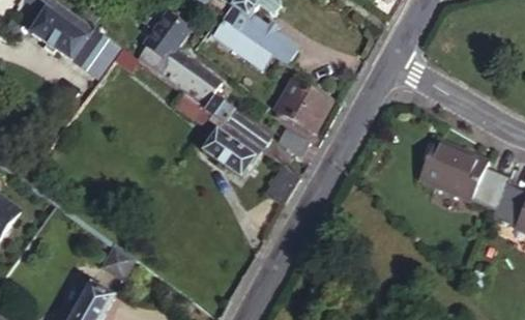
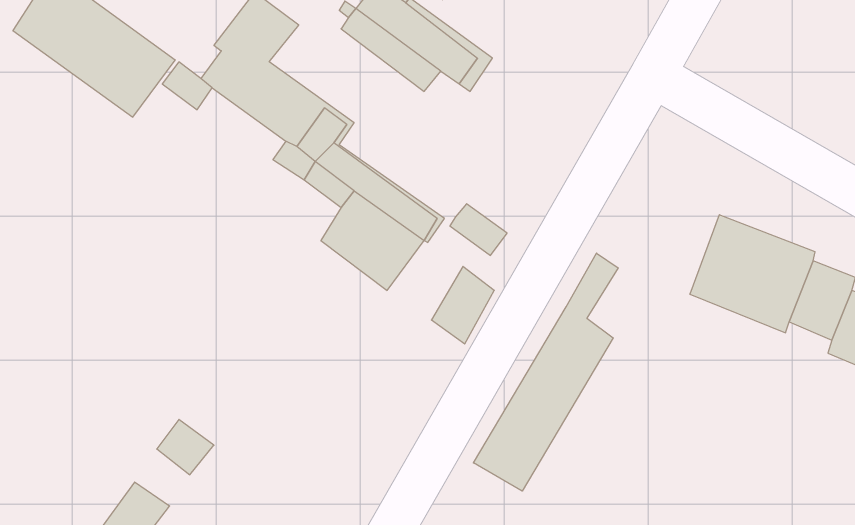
building: [272,75,329,130] -> none
building: none -> [473,253,618,491]

